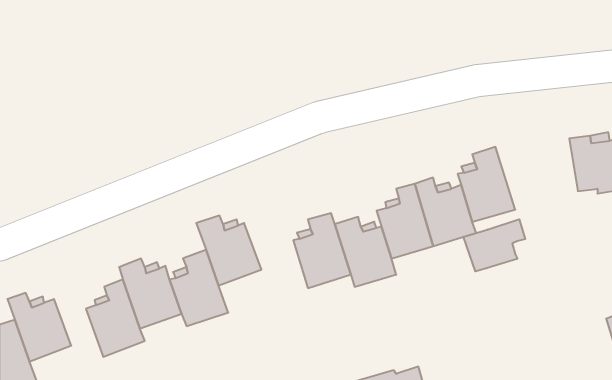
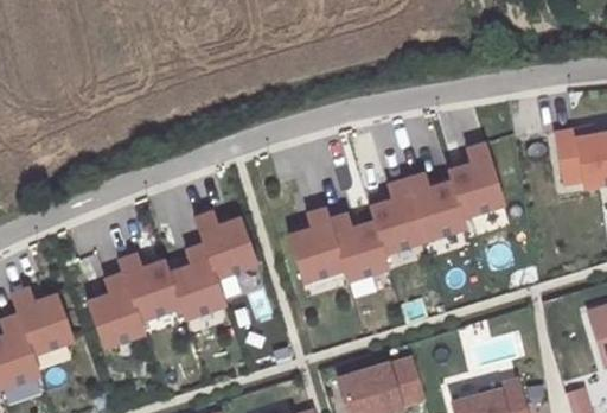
building: [464,219,525,271] -> none

